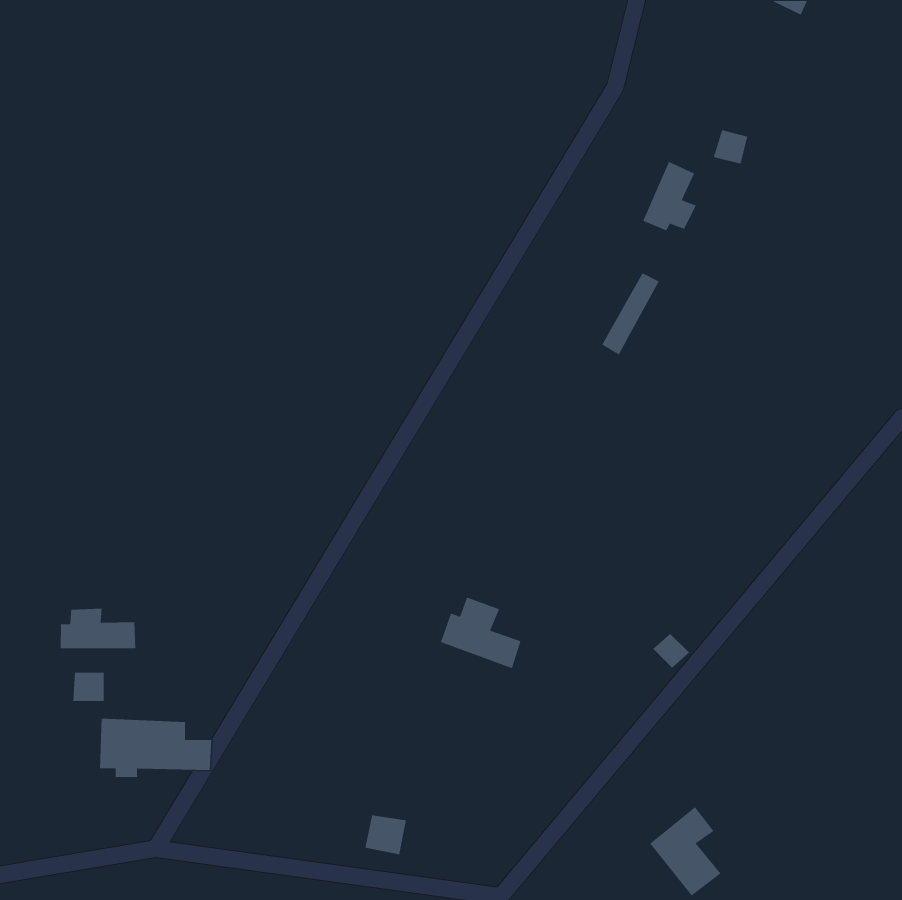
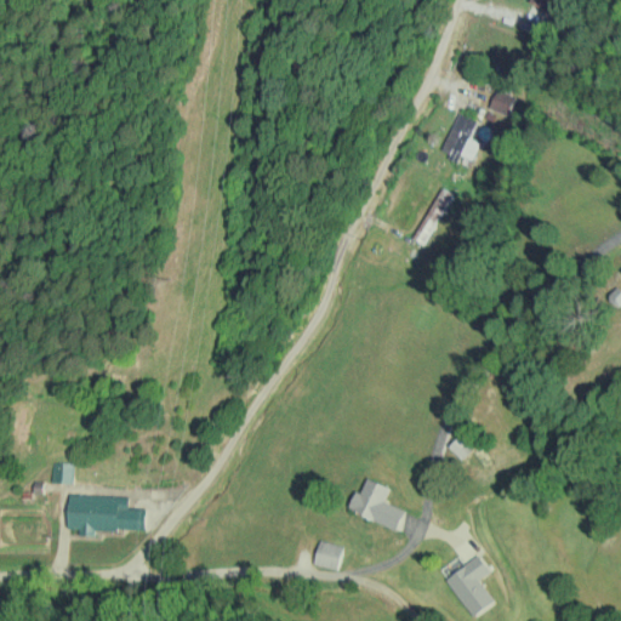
building: [440,597,521,669] -> [348,480,404,530]
building: [60,608,136,649] -> none
building: [364,815,407,855] -> [313,542,342,570]

